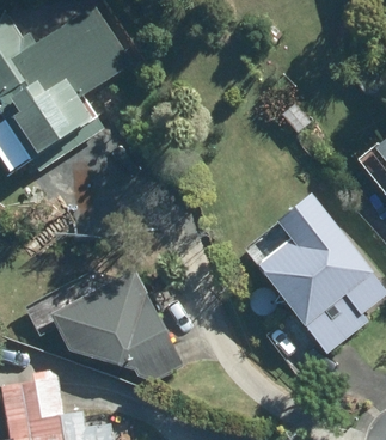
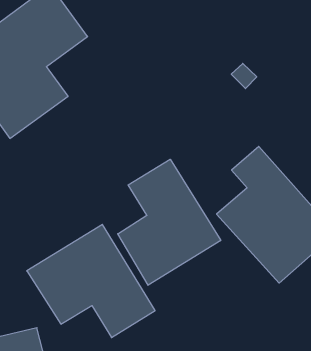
building: none -> [118,159,221,285]

